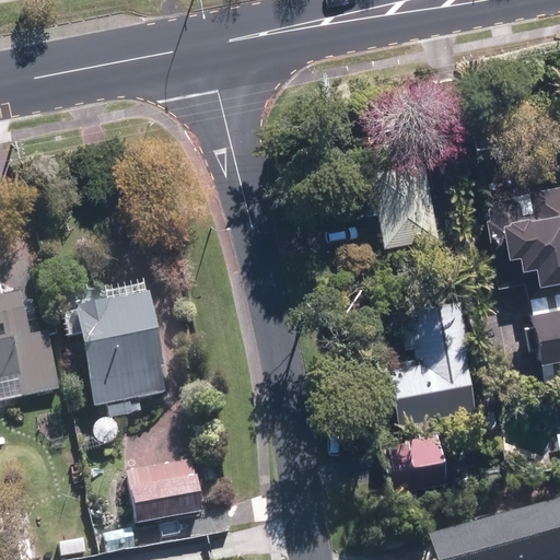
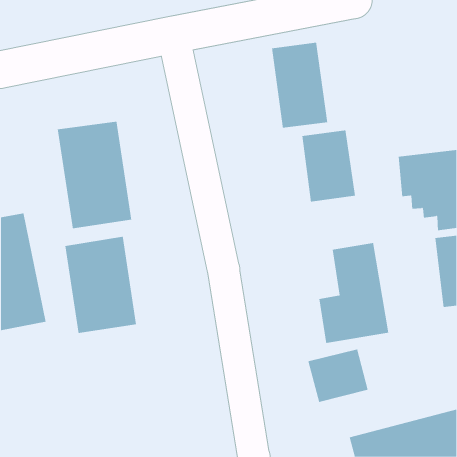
building: none -> [272,42,328,128]
building: none -> [57,121,132,229]
building: [128,464,203,526] -> none

